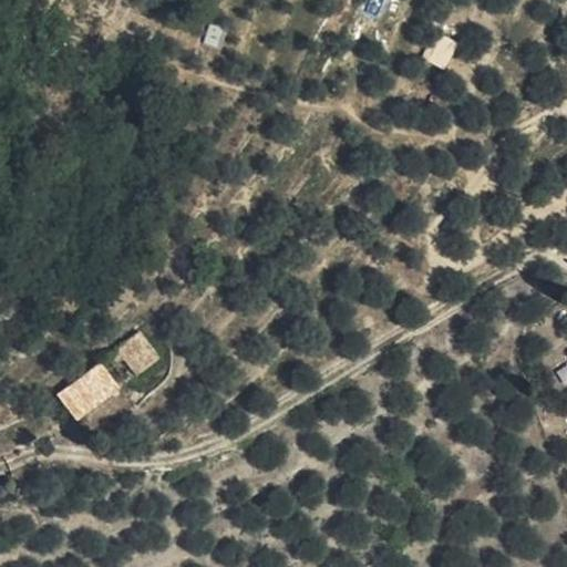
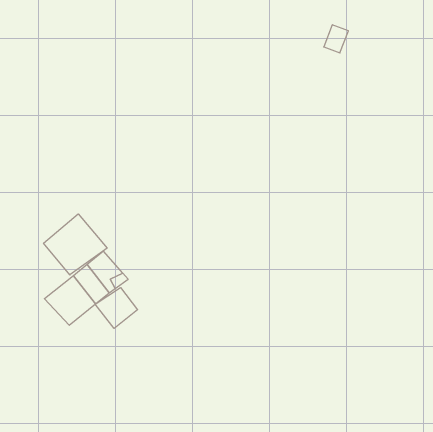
building: none -> [44,214,107,275]
building: none -> [95,288,138,328]

